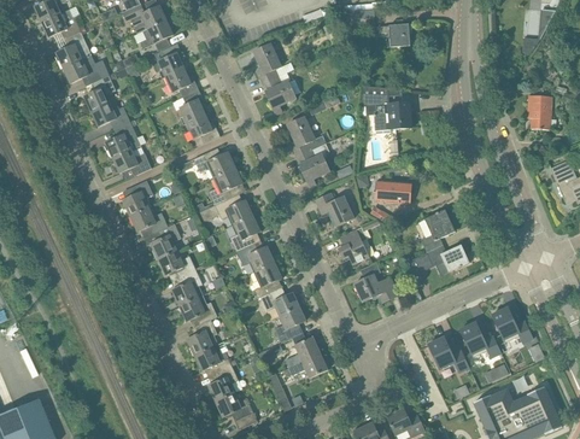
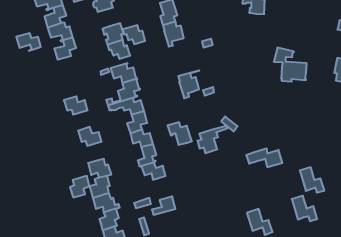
building: [162,68,198,96] -> [122,25,145,44]
building: [359,84,411,133] -> [274,48,307,81]
building: [287,116,326,156] -> none
building: [112,148,151,175] -> [16,33,41,51]
building: [123,180,153,216] -> none
building: [373,180,410,203] -> none
building: [315,192,355,226] -> [167,122,192,145]
building: [417,209,455,252] -> none
building: [151,223,181,258] -> none
building: [353,262,398,302] -> none
building: [172,269,201,304] -> [70,176,90,197]
building: [275,306,305,343] -> none
building: [459,321,500,357] -> [300,167,324,193]
building: [282,353,327,377] -> none

